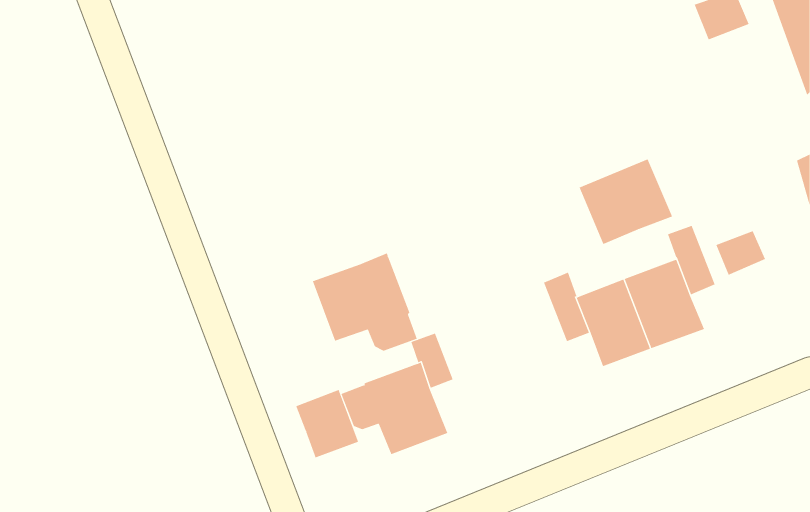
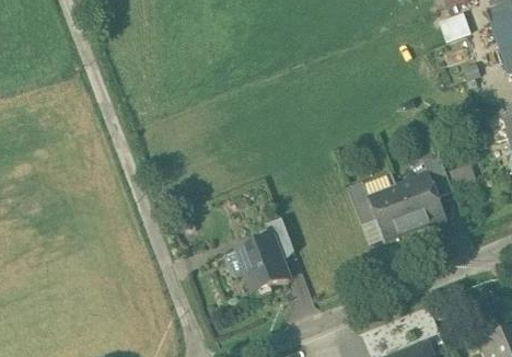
building: [579,158,673,245] -> none
building: [312,253,418,352] -> none
building: [295,389,359,459] -> none

